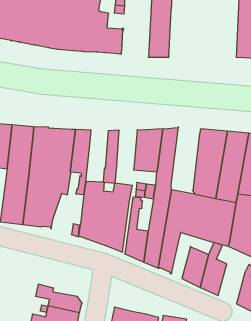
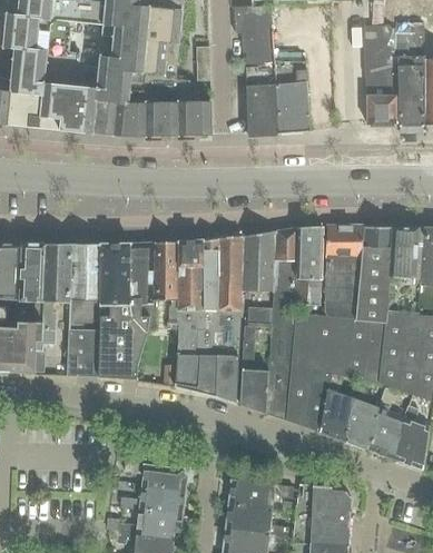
building: none -> [274,62,309,134]
building: none -> [294,227,323,306]
building: none -> [217,236,242,312]
building: none -> [178,240,203,312]
building: none -> [305,379,329,432]
building: none -> [371,387,404,460]

